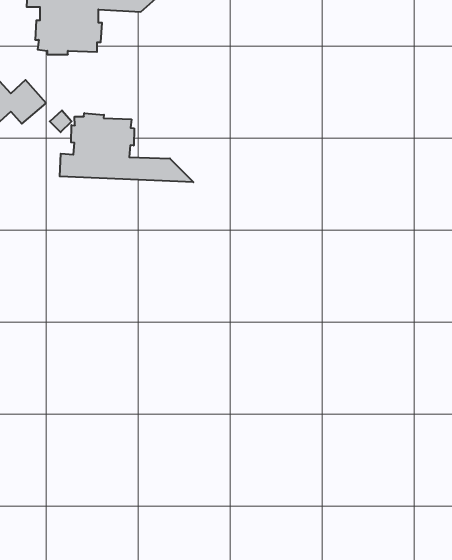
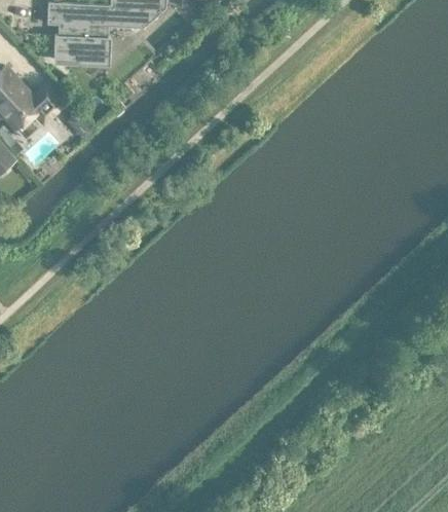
building: [60,113,193,182] -> none

